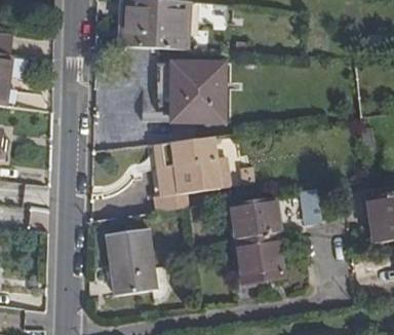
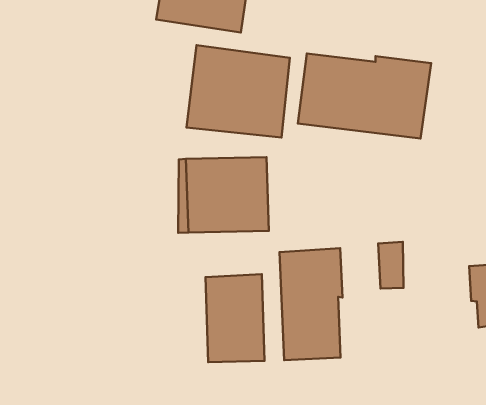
building: none -> [298,54,431,138]
building: [109,226,157,293] -> [206,274,264,362]

